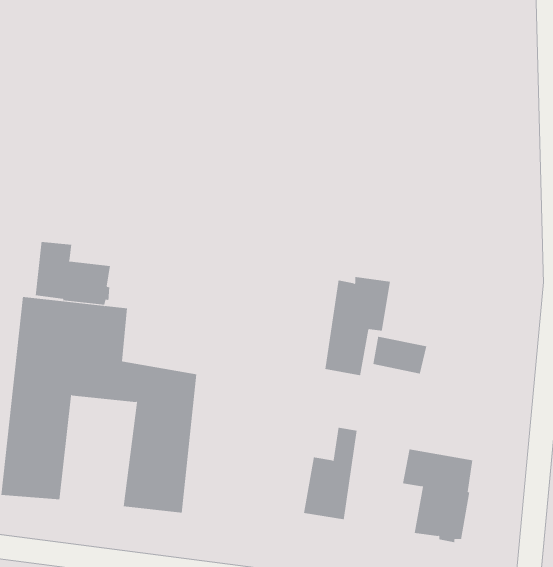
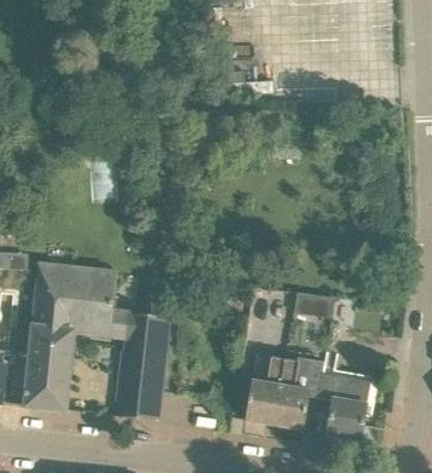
building: [35,241,110,306] -> none
building: [325,277,391,376] -> [275,356,323,428]

